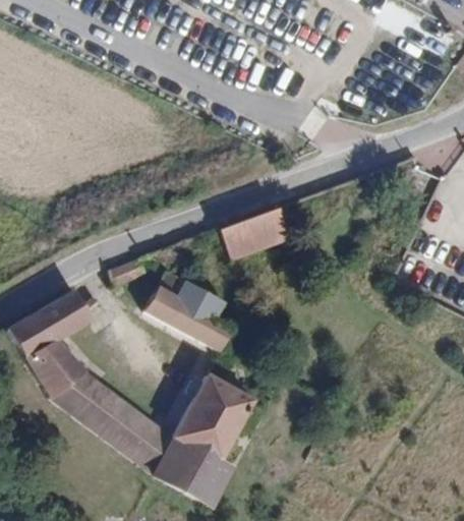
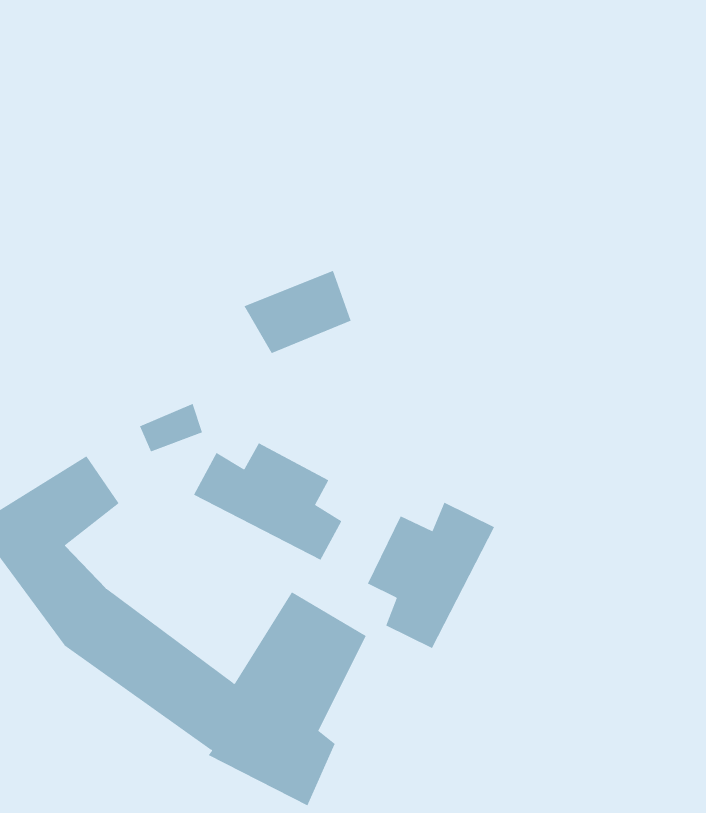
building: [218,211,285,263] -> [243,270,351,354]
building: none -> [367,502,495,649]

